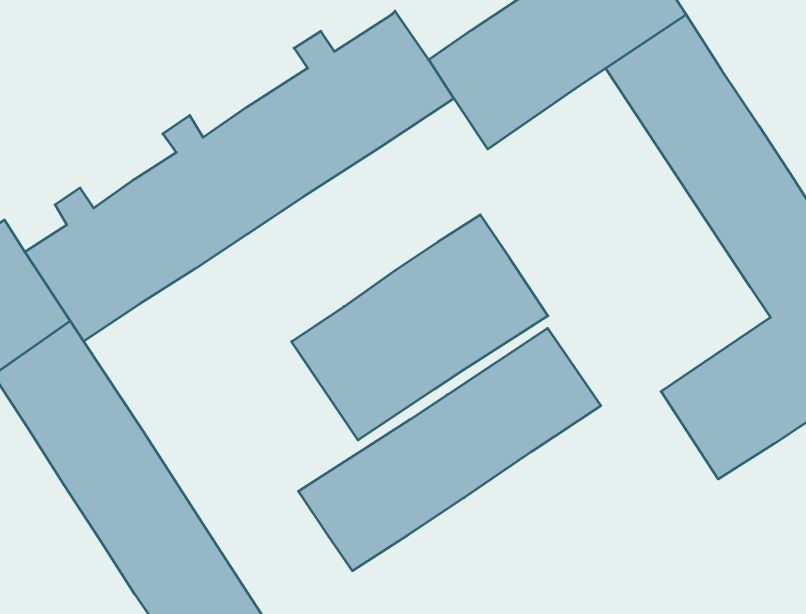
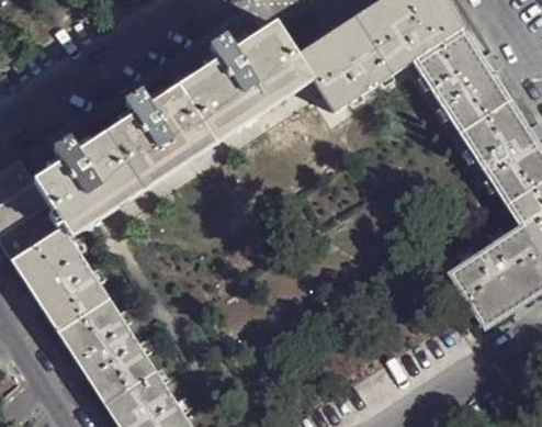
building: [292,215,548,440] -> none
building: [298,328,601,571] -> none

